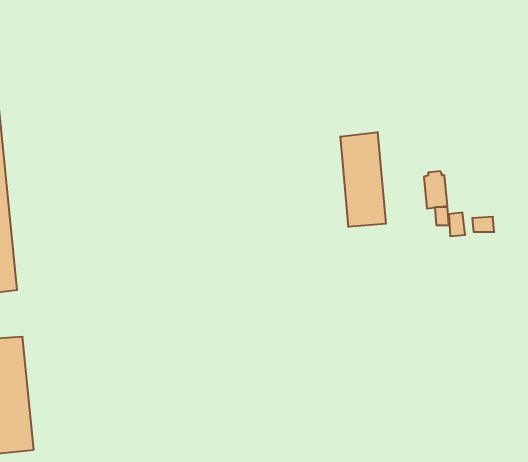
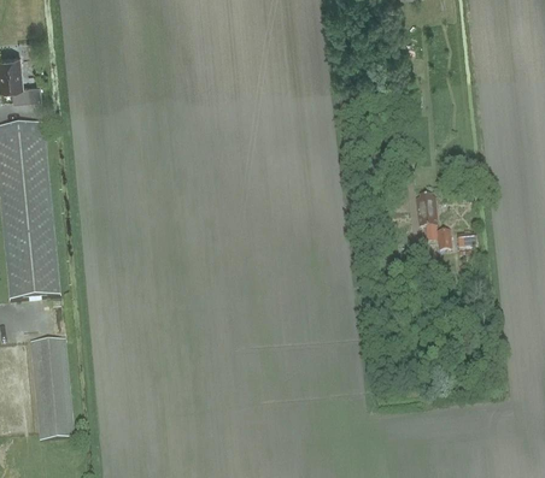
building: [340,132,386,227] -> none

